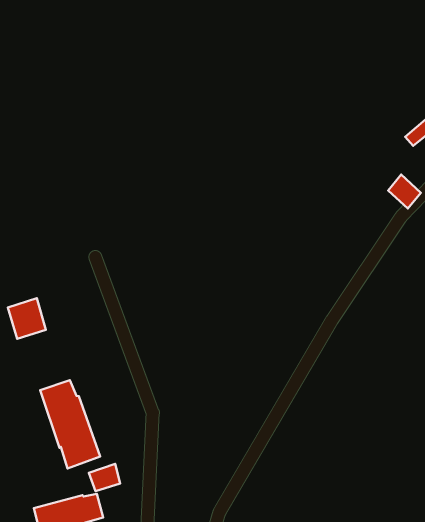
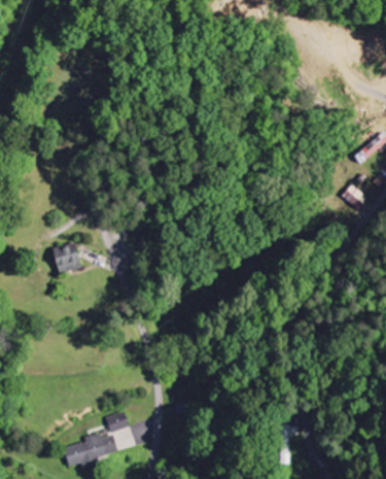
building: [8,298,46,339] -> [50,242,80,274]
building: [40,380,100,469] -> none

